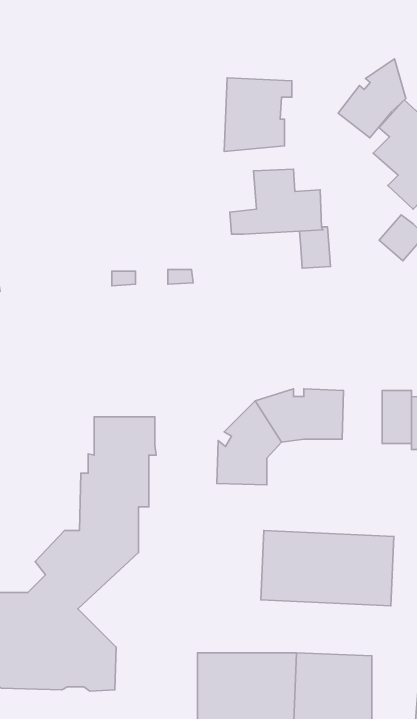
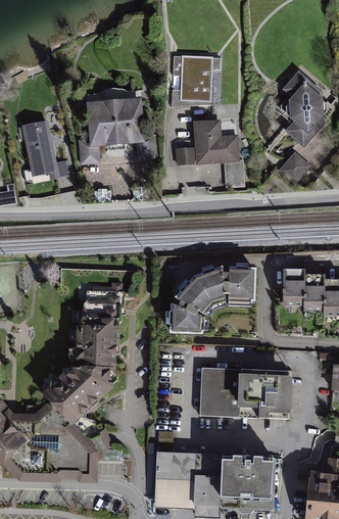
building: [338,59,406,138] -> none
building: none -> [79,98,156,163]
building: none -> [23,117,72,177]

